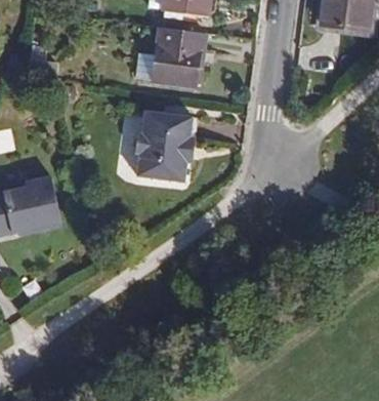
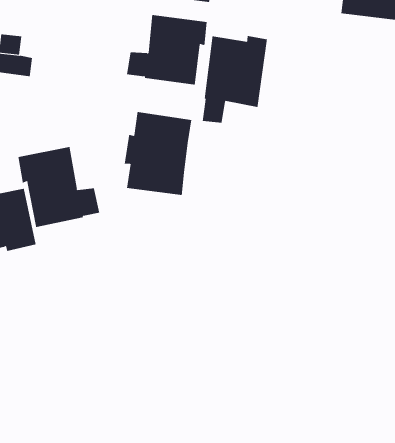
building: none -> [202,35,267,123]
building: none -> [18,146,100,228]

